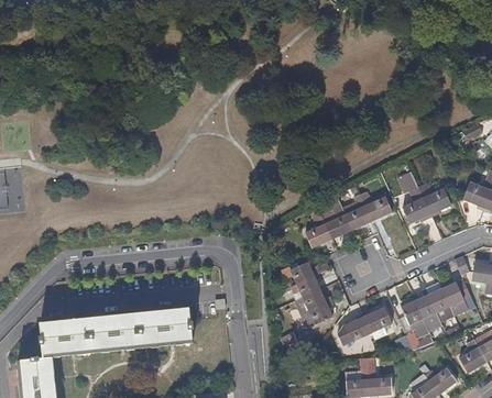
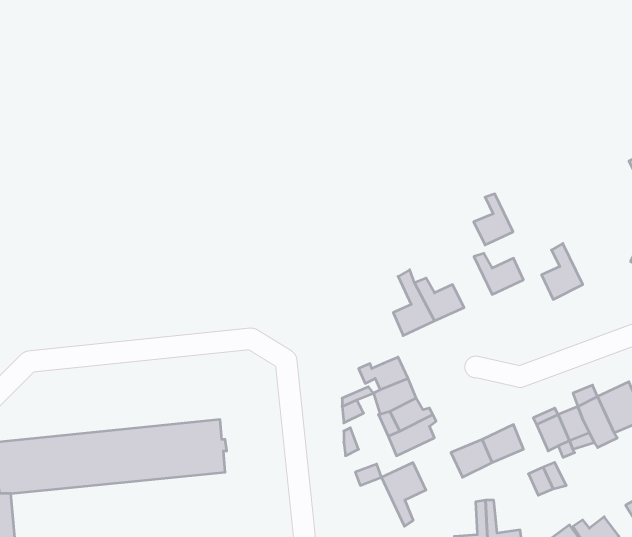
building: [419,183,453,213] -> none
building: [346,195,372,229] -> [474,194,513,245]
building: none -> [382,463,426,526]

